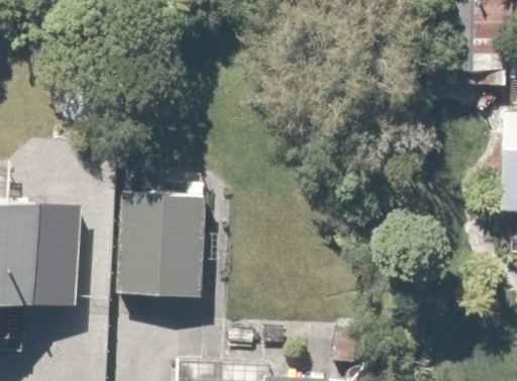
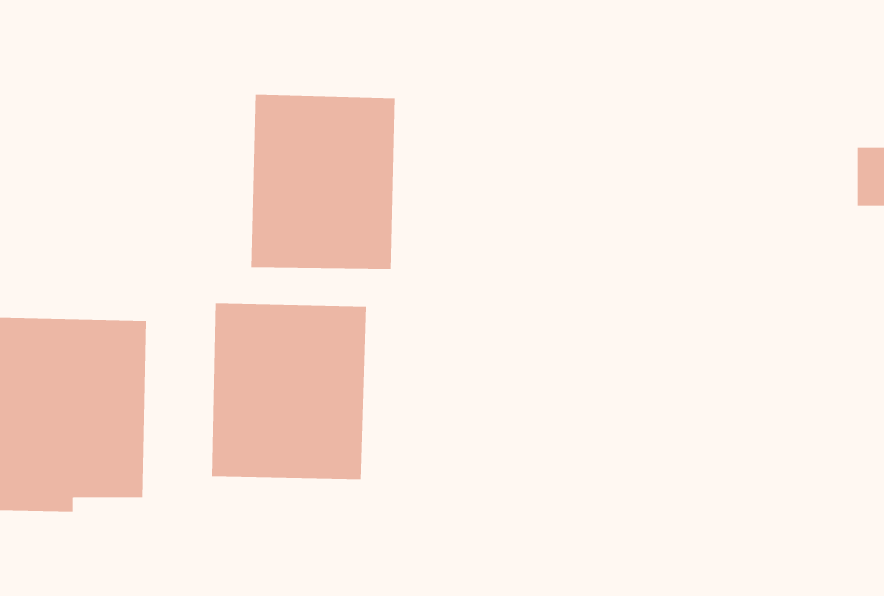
building: none -> [251,94,395,270]

